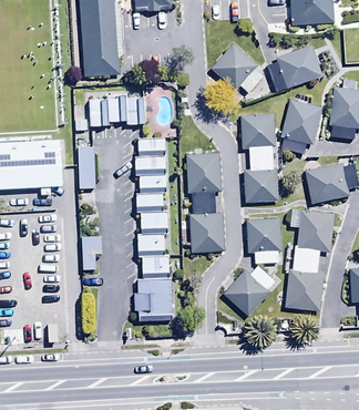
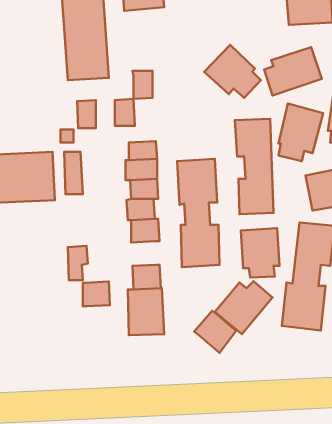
building: [107,92,126,119] -> [132,71,152,99]
building: [140,229,165,253] -> [83,282,110,306]
building: none -> [194,311,236,353]

